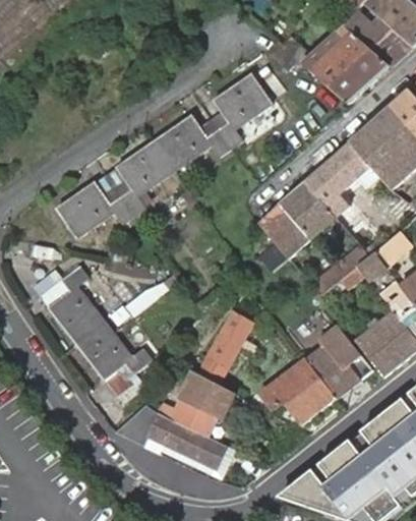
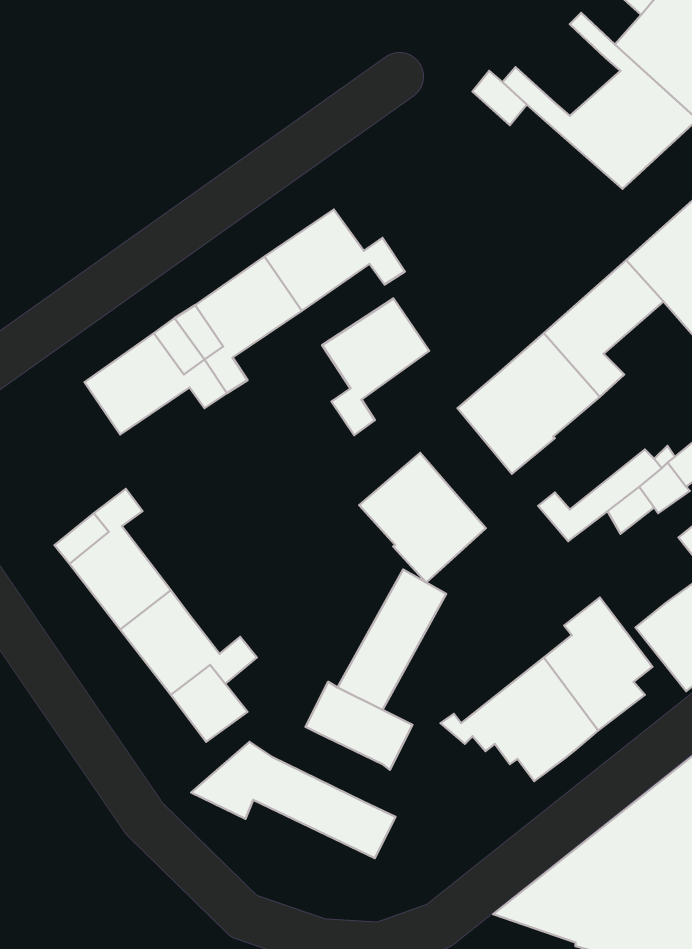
building: [214,73,272,148] -> [322,298,429,435]
building: none -> [359,453,486,582]
building: [146,396,219,436] -> none

